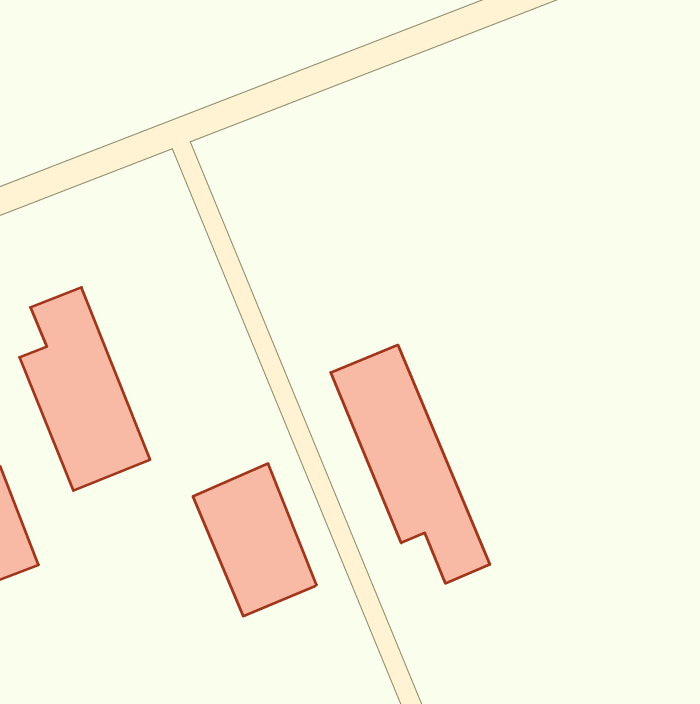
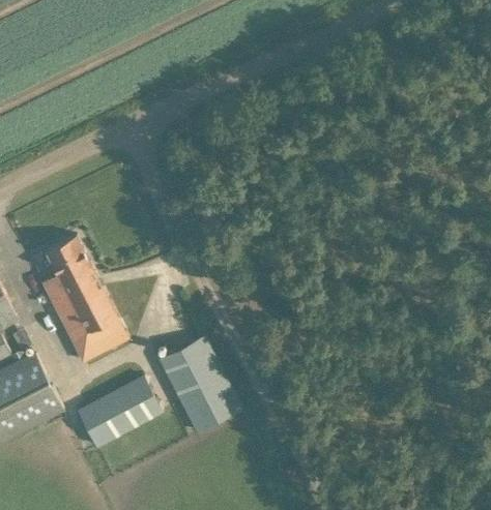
building: [331,345,490,583] -> none
building: none -> [76,374,162,447]

